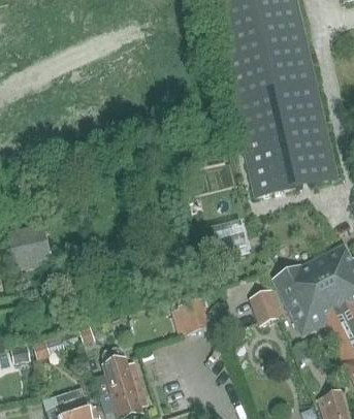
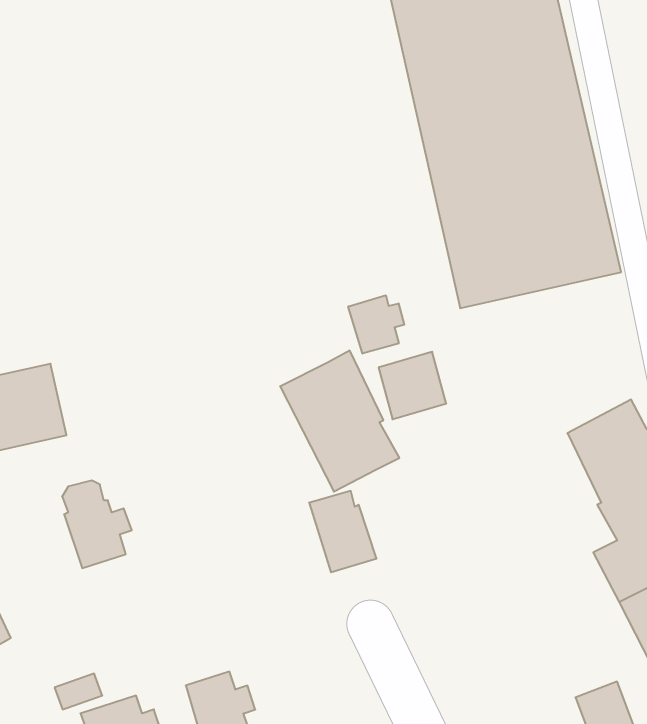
building: none -> [348,295,404,354]
building: [273,261,335,334] -> [280,351,399,492]
building: [249,288,281,325] -> none
building: [101,347,137,392] -> [62,481,132,568]

